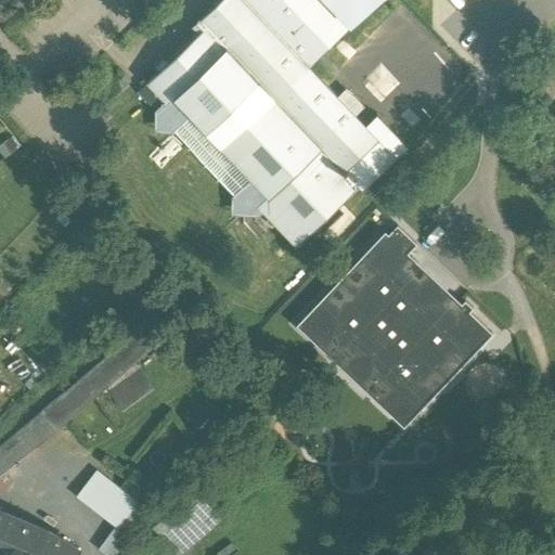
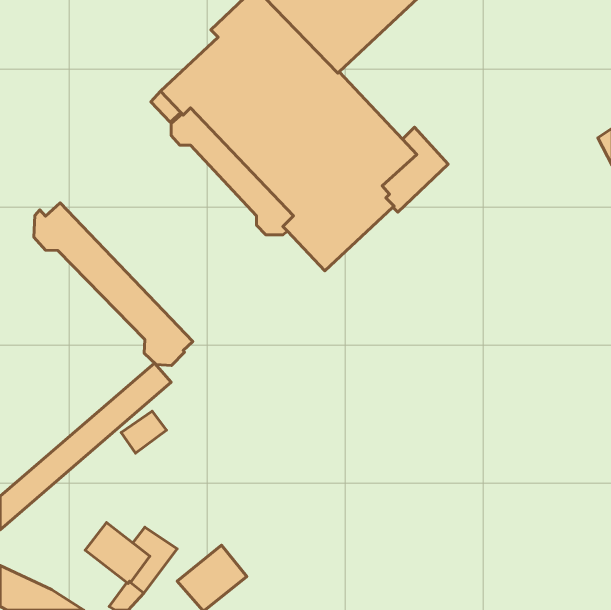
building: none -> [34,203,193,365]
building: [298,227,492,428] -> none

